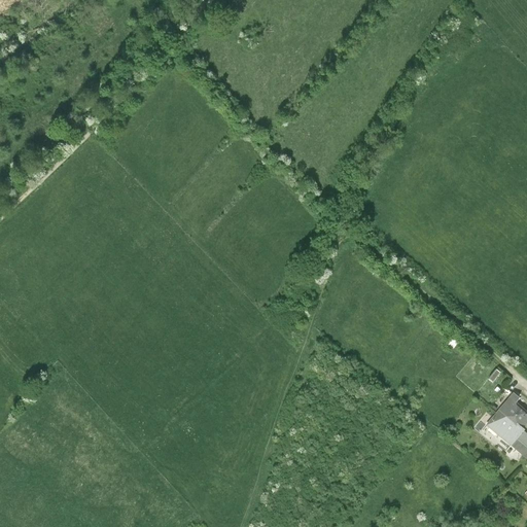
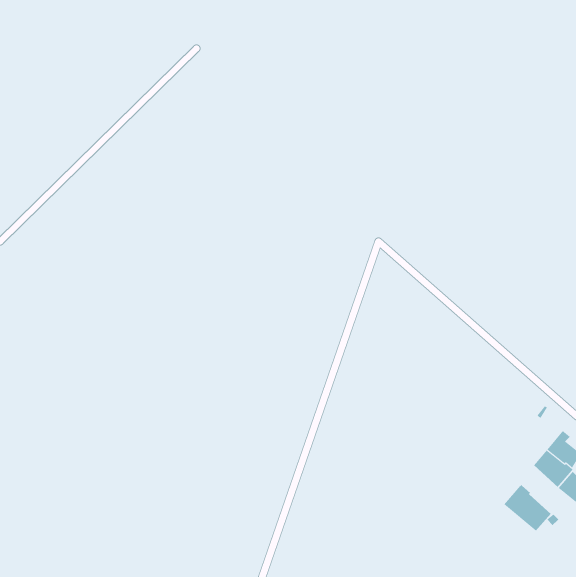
building: none -> [503,484,551,532]

